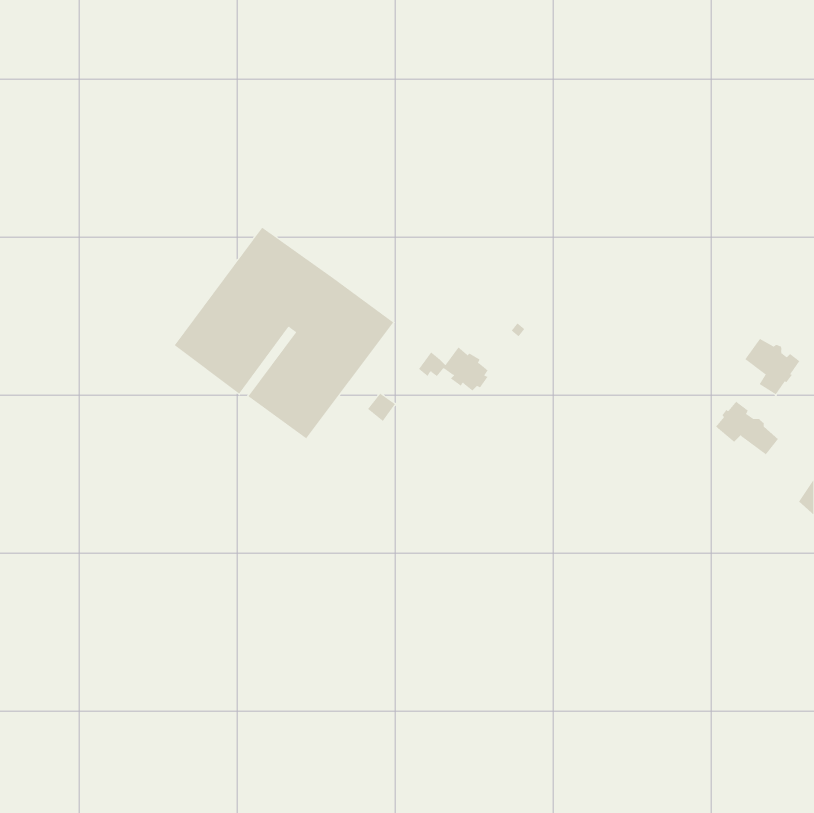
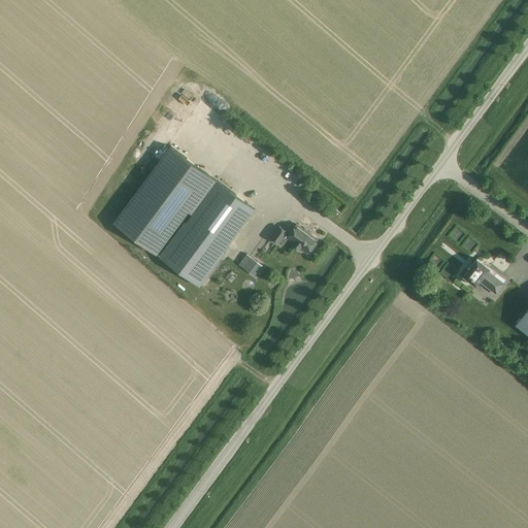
building: [745,338,800,395] -> none

